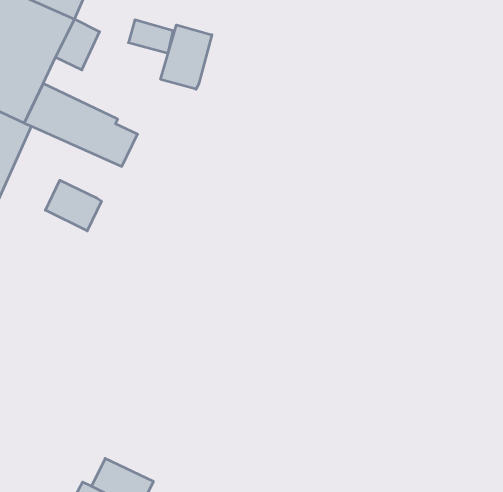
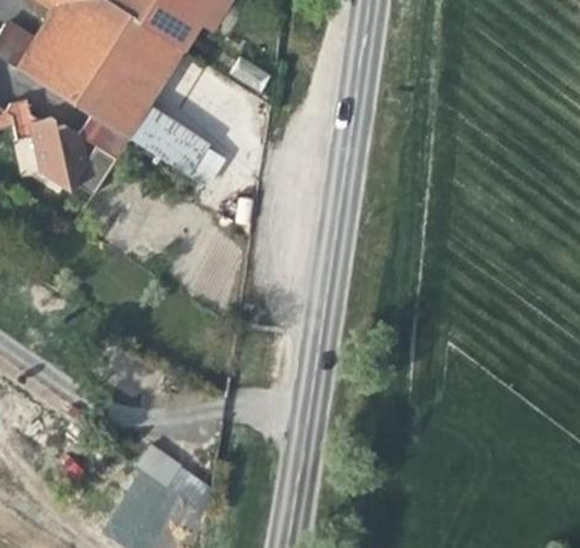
building: [161,25,212,89] -> none
building: [45,180,101,231] -> none

